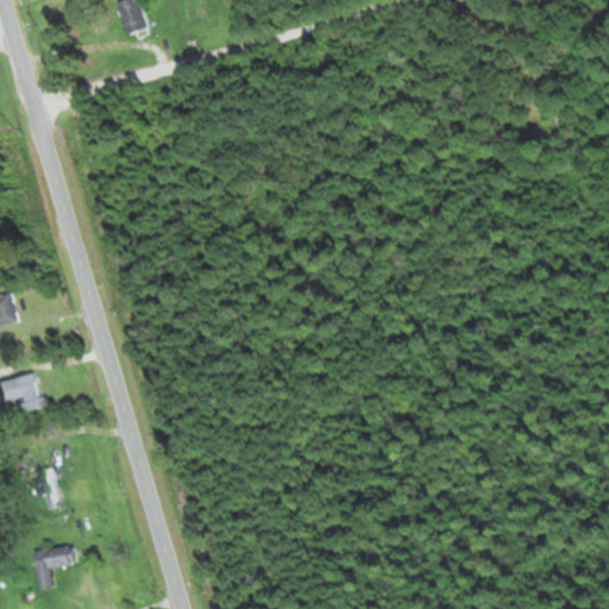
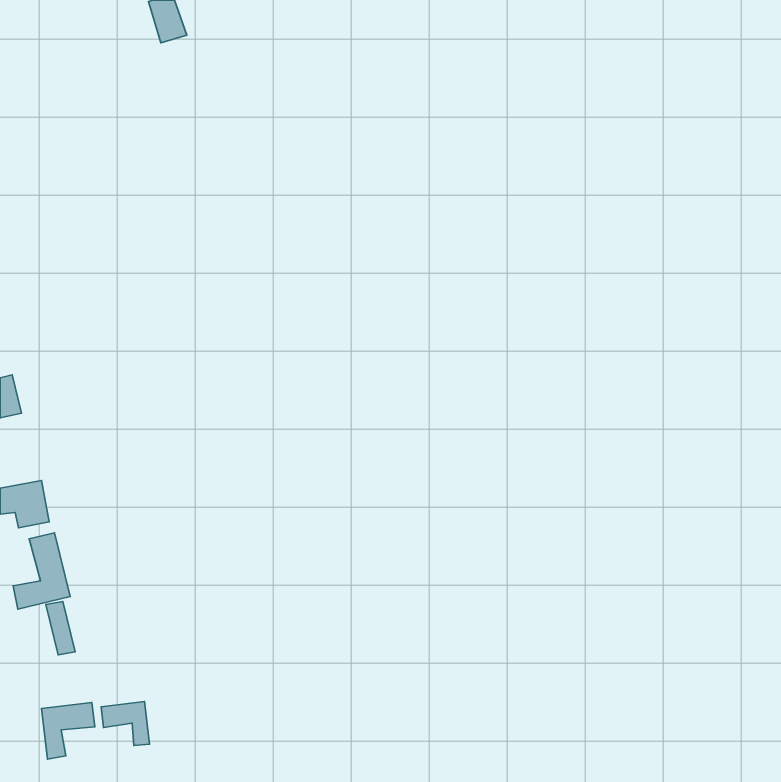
building: none -> [13,533,70,609]
building: none -> [101,701,150,745]

